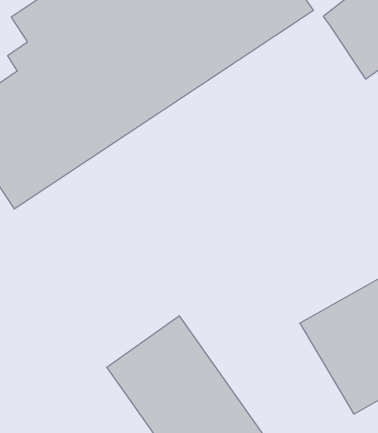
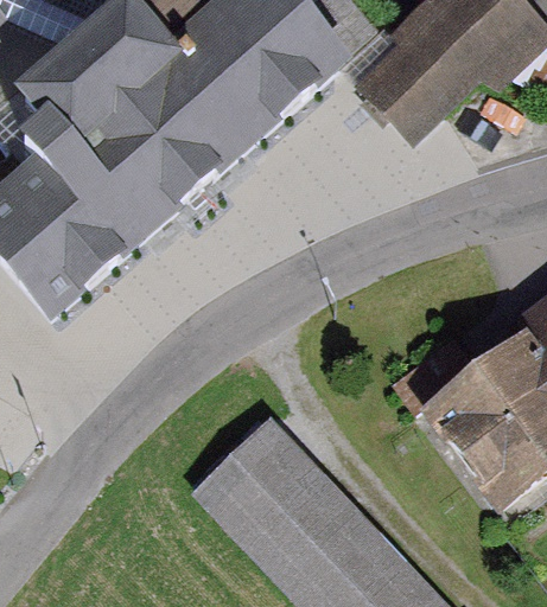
building: none -> [357,44,454,142]

